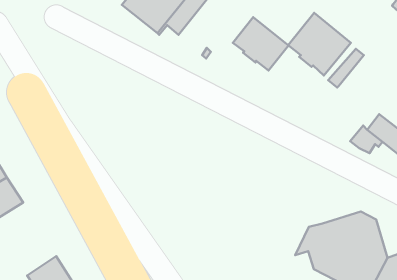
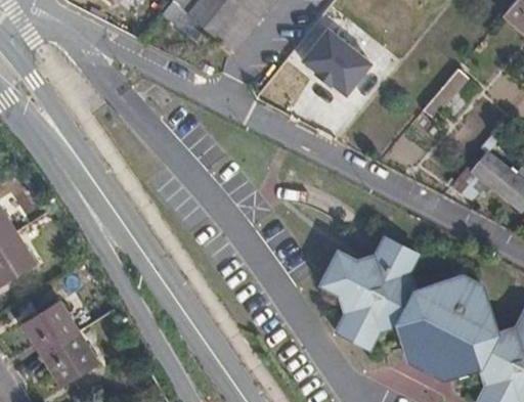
building: [288,13,351,75] -> none
building: none -> [320,236,419,349]
building: none -> [21,300,79,356]

